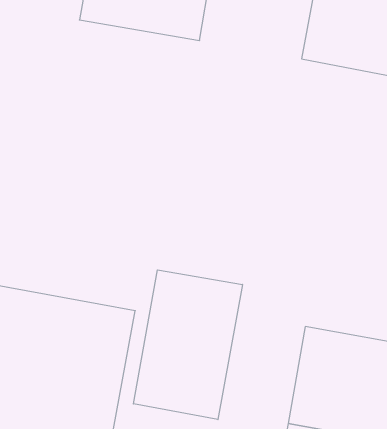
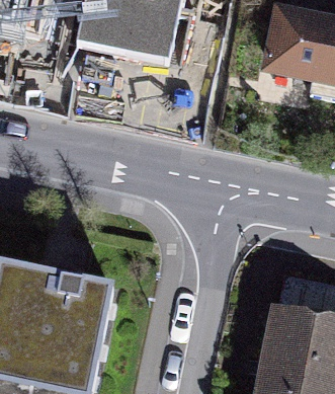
building: [133,270,242,420] -> none

